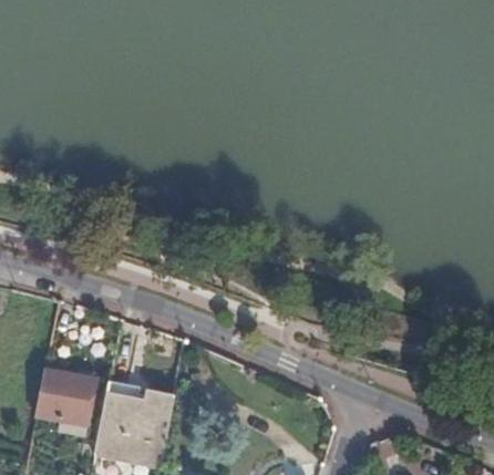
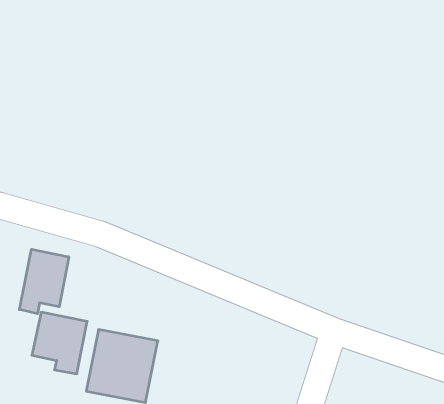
building: none -> [19,249,69,314]

